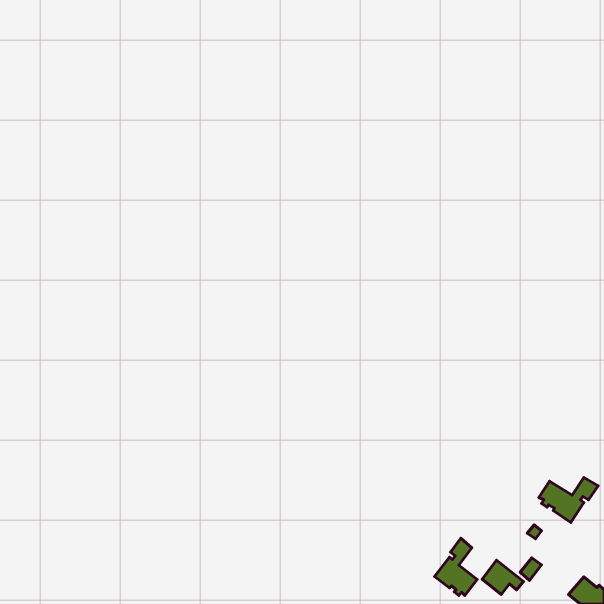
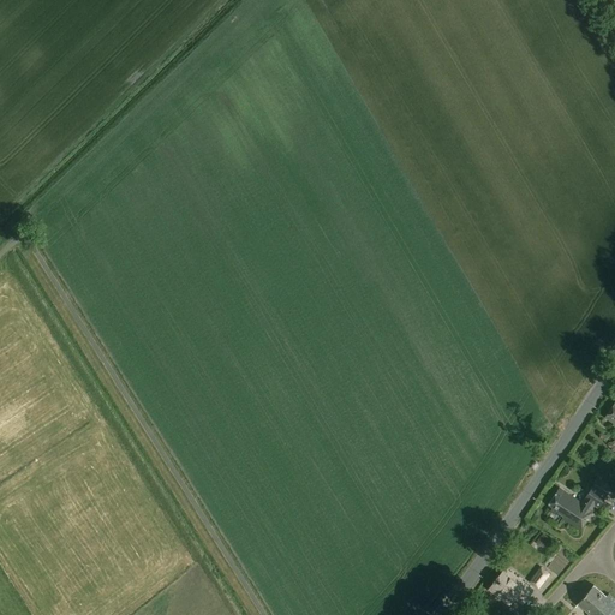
building: [434,538,477,596] -> none

